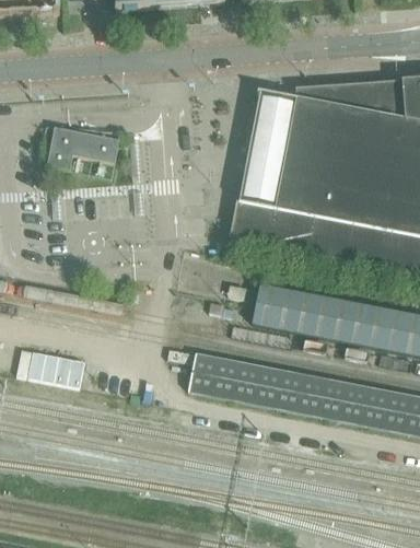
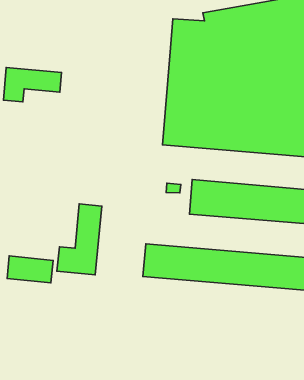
building: none -> [57,204,102,275]

